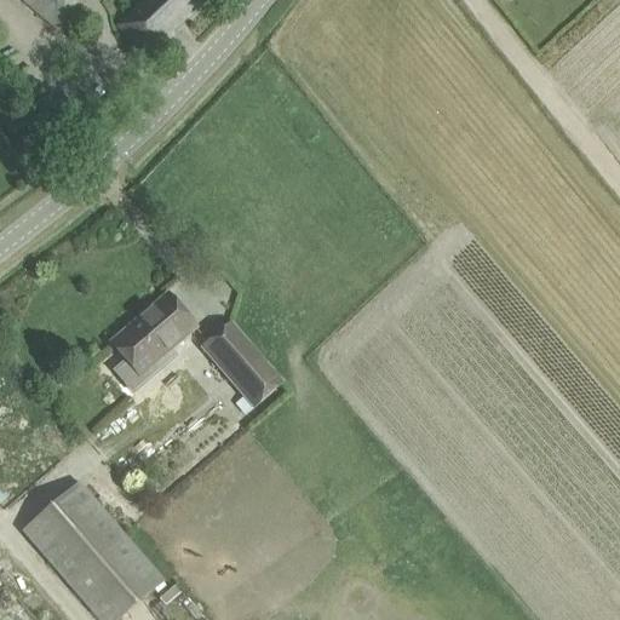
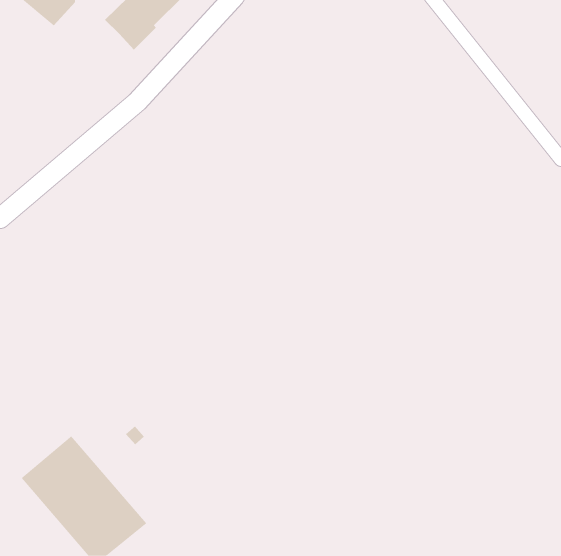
building: [110,291,196,373] -> none
building: [200,318,283,407] -> none

